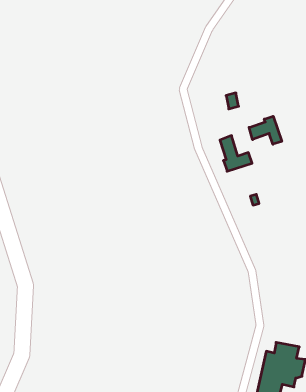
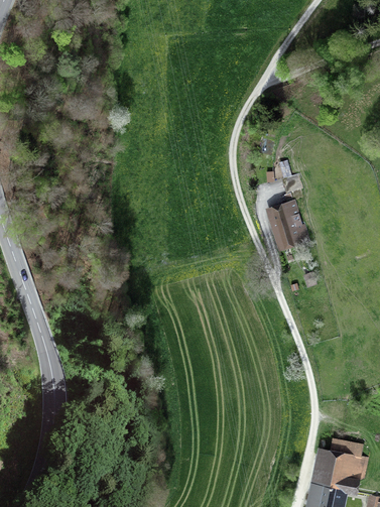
building: [249,116,282,144] -> none

